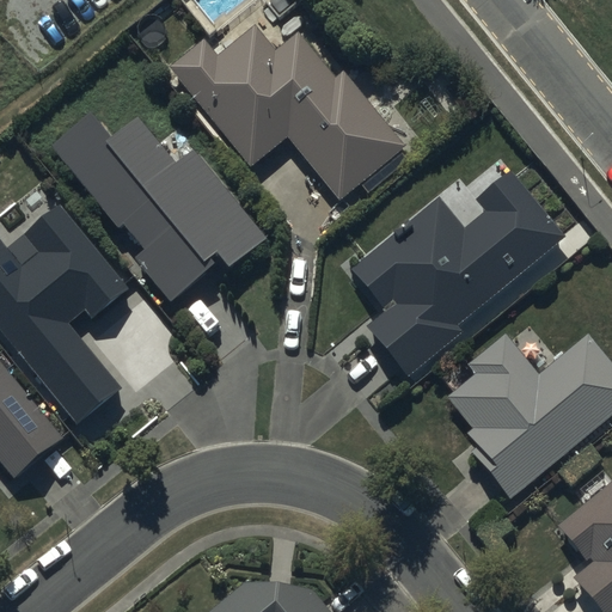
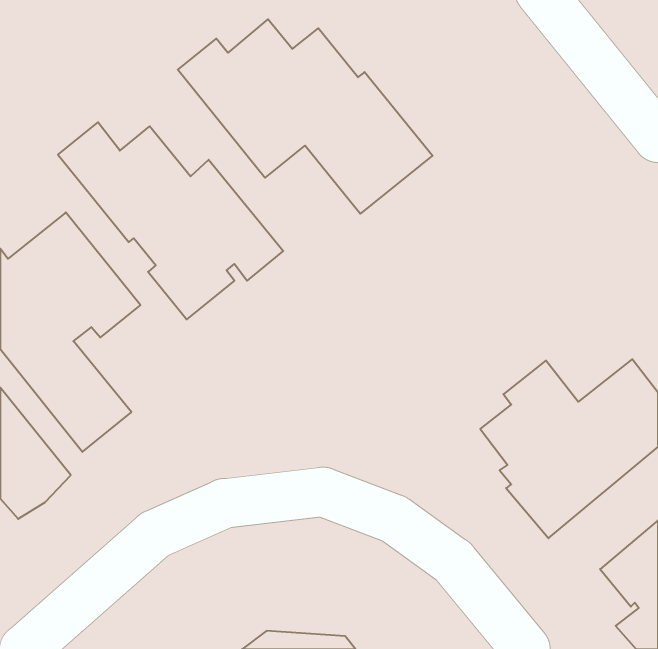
building: [351,173,567,379] -> none

